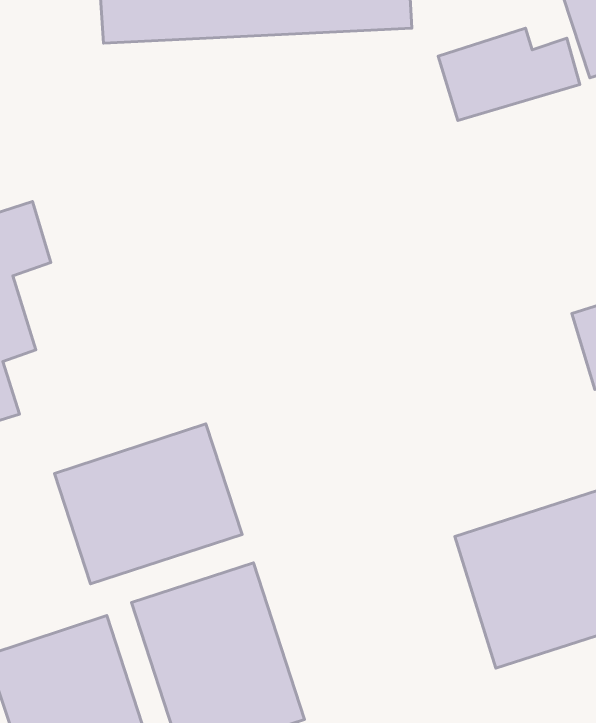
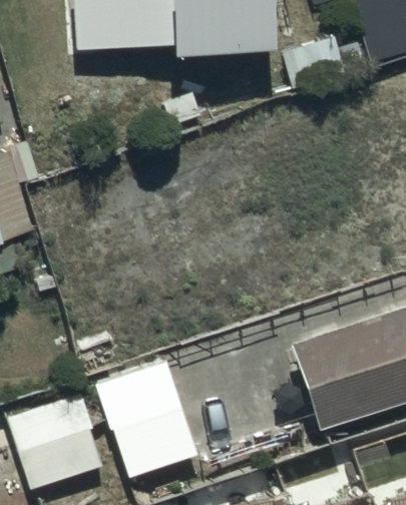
building: [54,424,242,584] -> none

